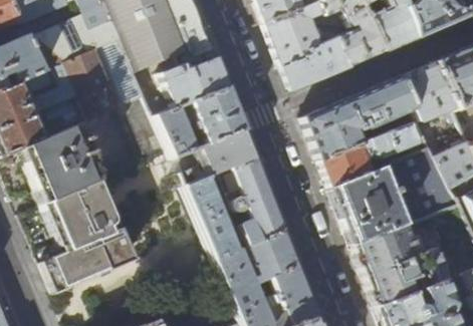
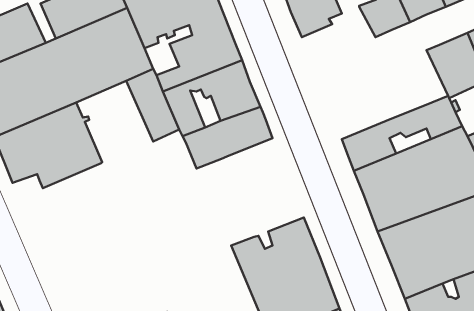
building: [285,37,353,89] -> none
building: [305,77,421,159] -> none
building: [216,158,287,245] -> none
building: [188,178,241,258] -> none
building: [24,182,135,292] -> none

